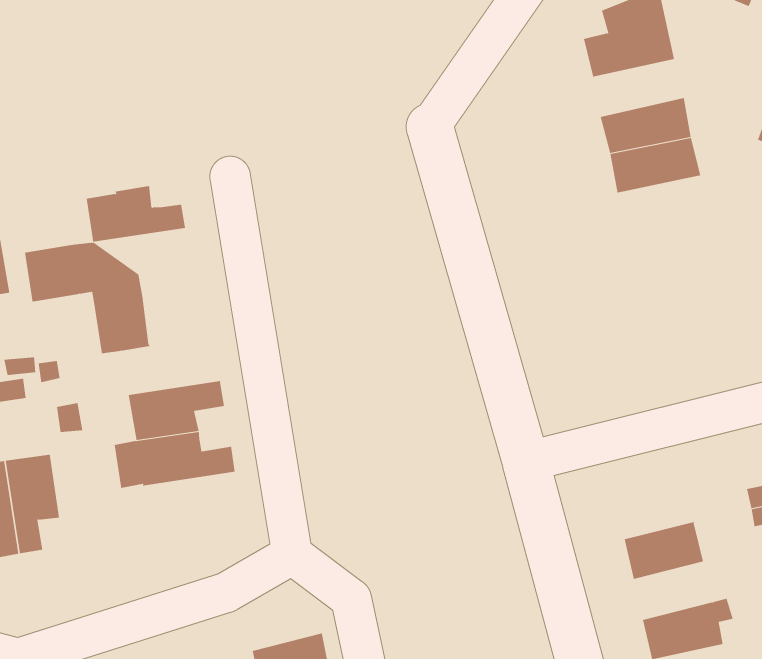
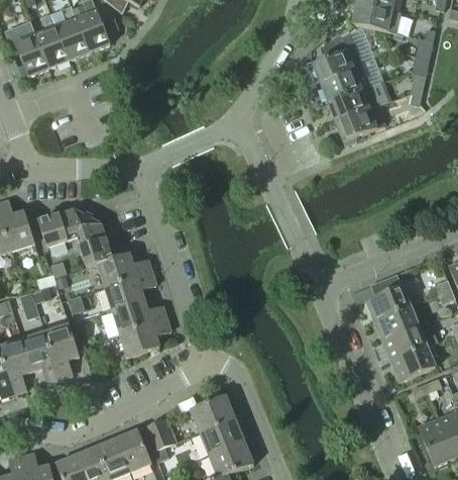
building: none -> [320,66,369,102]
building: [86,186,186,242] -> [97,252,151,286]
building: none -> [119,317,170,357]
building: none -> [365,285,417,320]
building: none -> [382,321,438,361]

